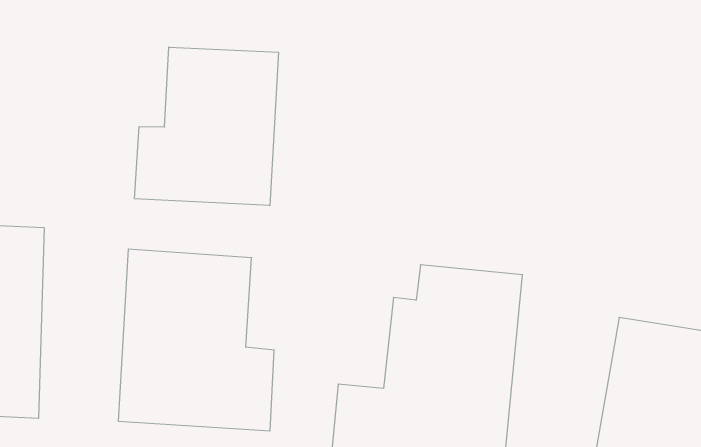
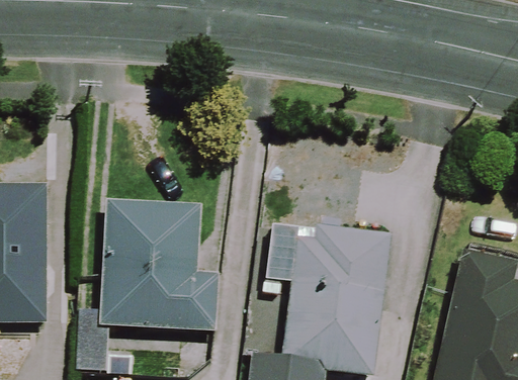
building: [135,47,279,206] -> none

